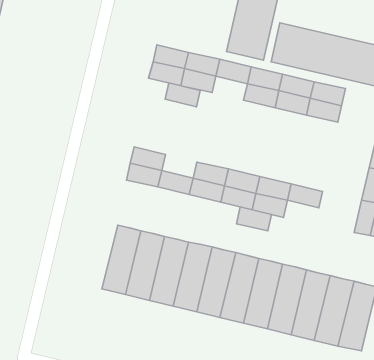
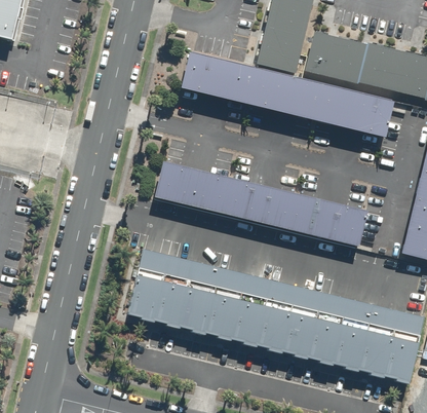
building: [165,83,200,107] -> [246,87,284,113]
building: none -> [192,172,230,197]
building: [236,207,272,231] -> [323,221,361,247]

